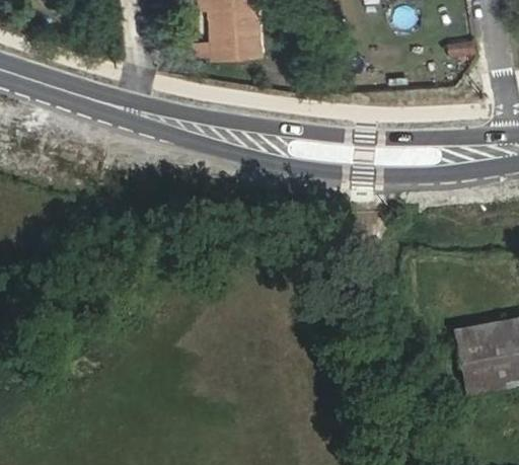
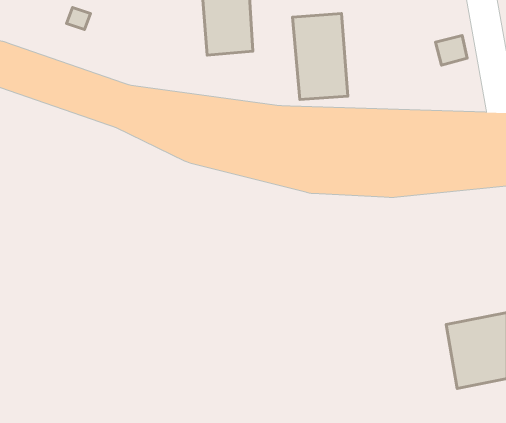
building: none -> [293,14,348,99]

